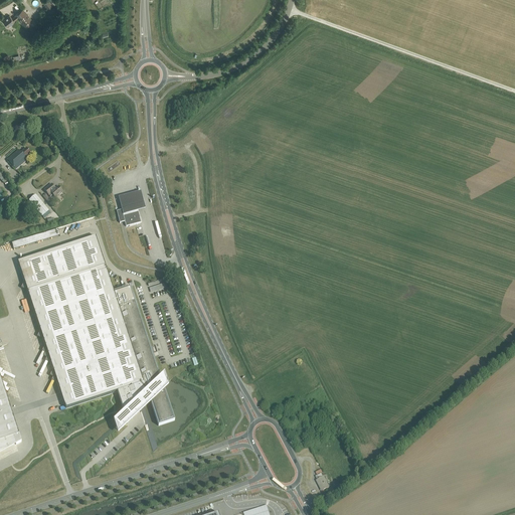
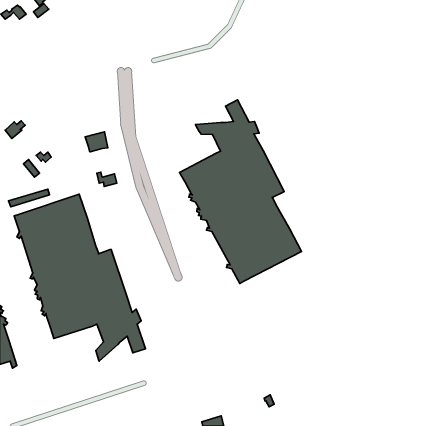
building: none -> [180,100,301,283]
building: [117,188,144,212] -> [85,132,108,152]

